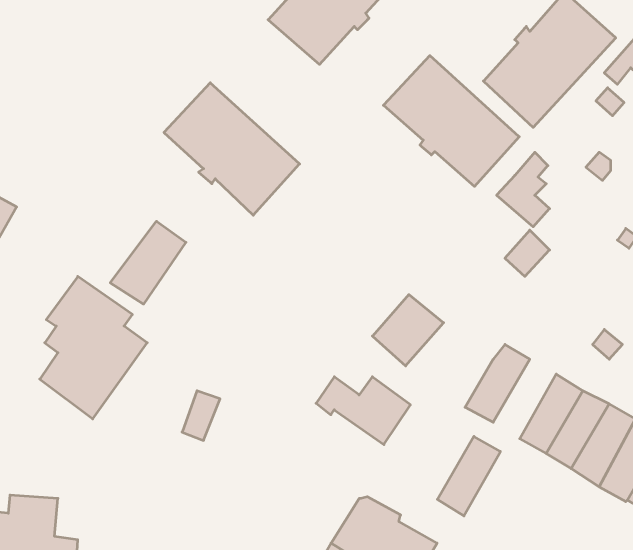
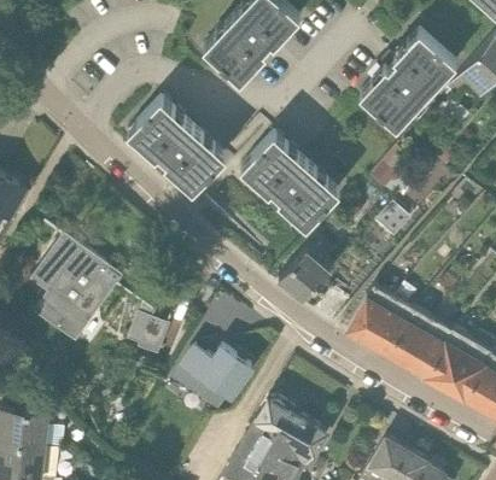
building: [383,56,519,186] -> [239,134,338,229]
building: [110,221,186,304] -> none
building: [316,377,410,445] -> [180,350,249,399]
building: [437,436,500,516] -> [366,299,412,357]

